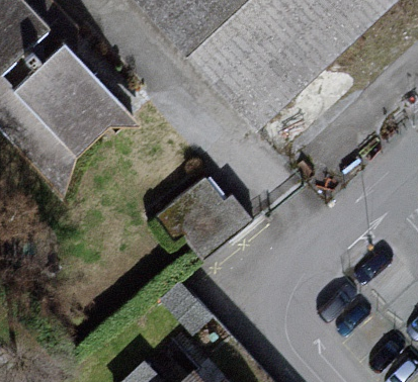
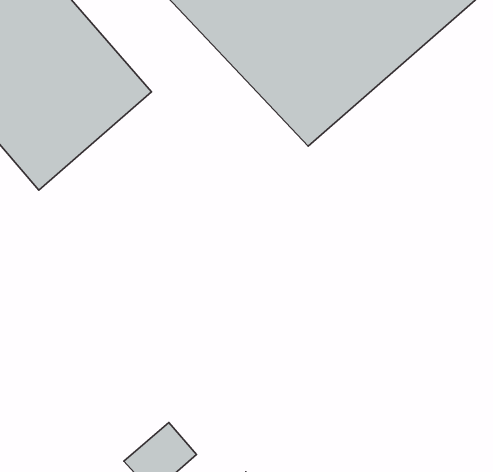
building: [154,171,252,254] -> none

